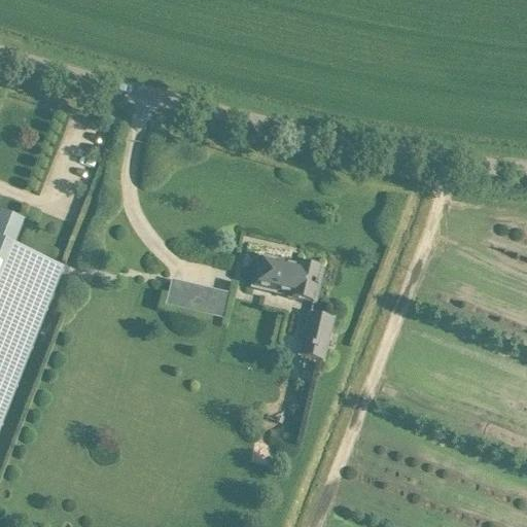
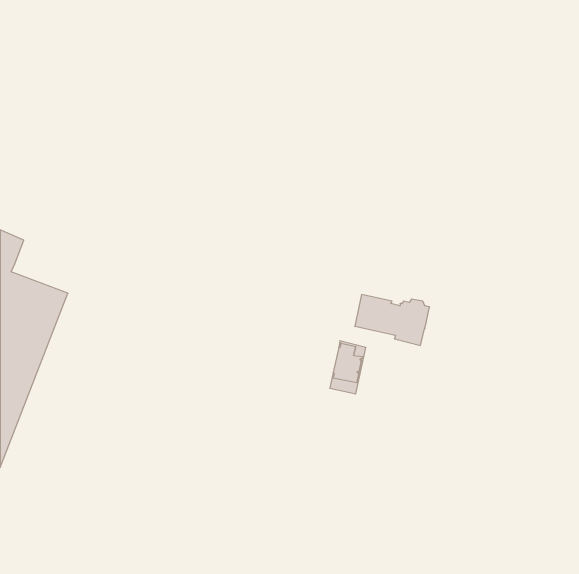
building: [253,255,321,302] -> [355,295,430,345]
building: [165,276,231,315] -> none

